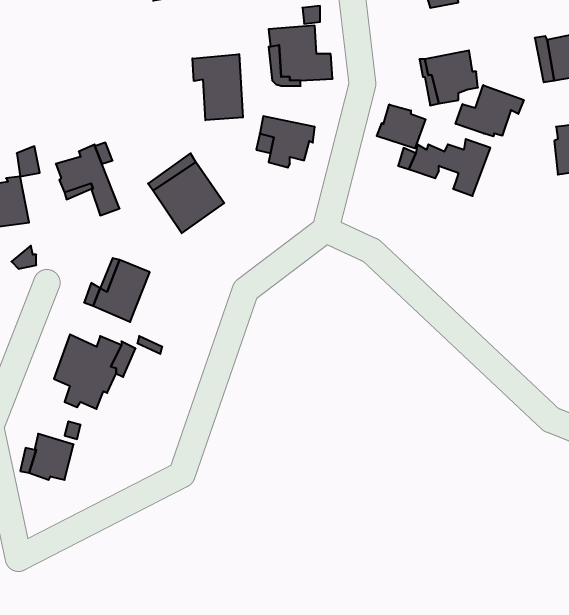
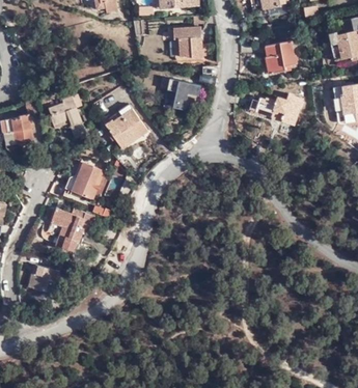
building: [192,54,243,120] -> none
building: [456,85,524,136] -> none
building: [377,104,426,148] -> none

